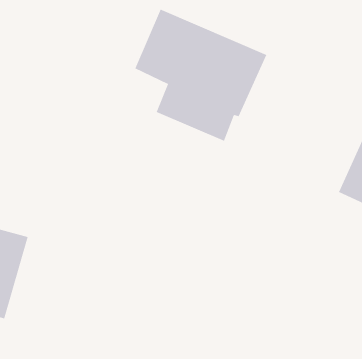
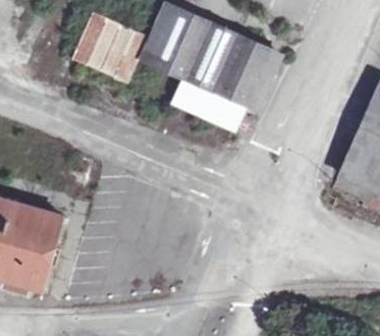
building: none -> [71,12,151,87]

